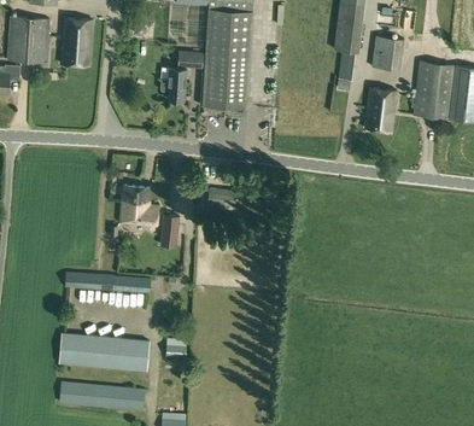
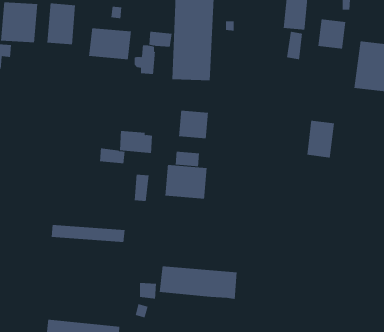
building: none -> [89,27,131,60]
building: [364,88,397,132] -> [306,120,335,158]
building: none -> [179,110,208,139]
building: [119,200,158,227] -> [119,130,153,153]
building: none -> [165,164,207,200]
building: [59,333,150,372] -> [159,266,238,299]

